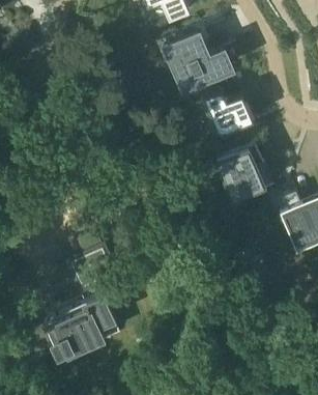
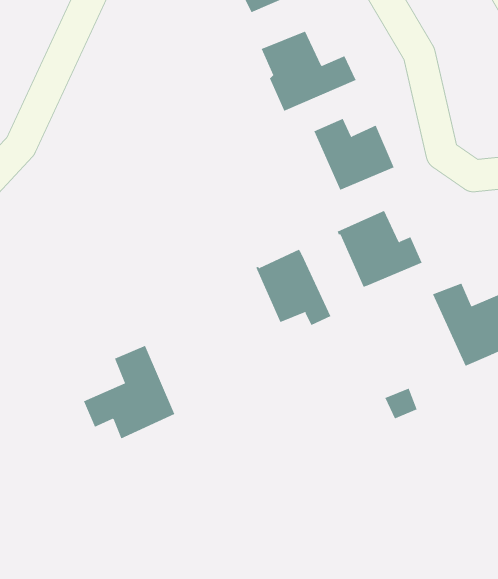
building: none -> [255,249,331,326]
building: [46,297,120,367] -> none

